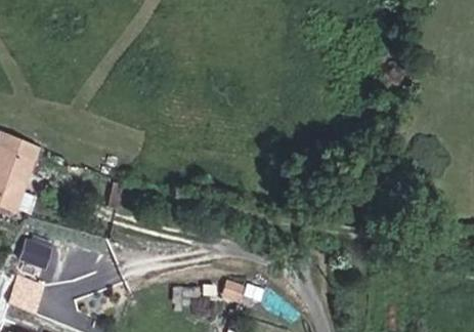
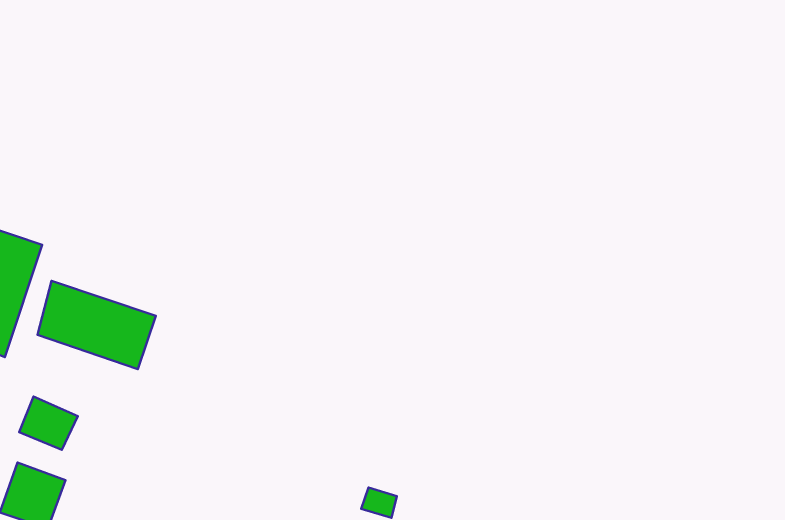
building: none -> [37,281,156,369]

